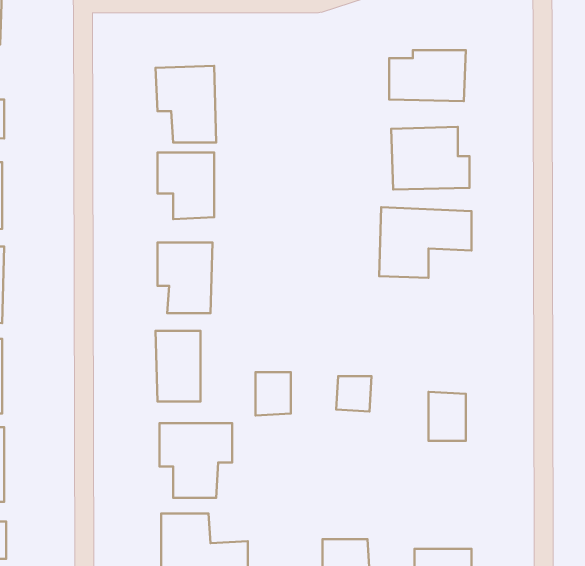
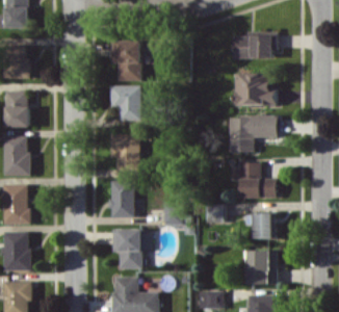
building: none -> [230,161,276,198]
building: none -> [246,250,277,284]

